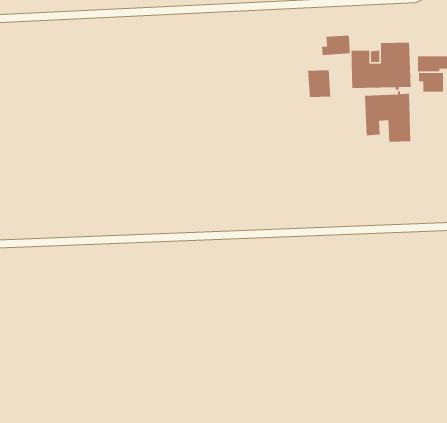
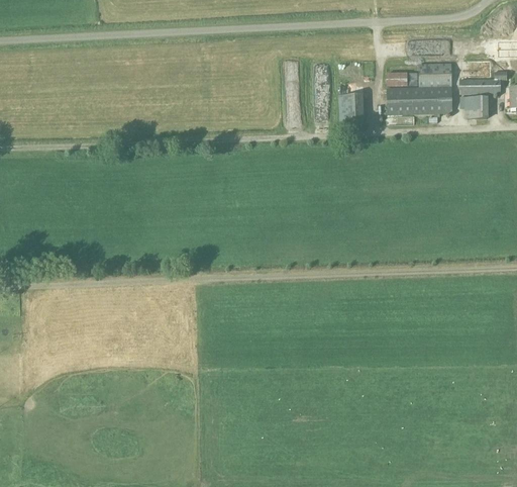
building: [321,35,351,56] -> none
building: [364,91,411,142] -> none

